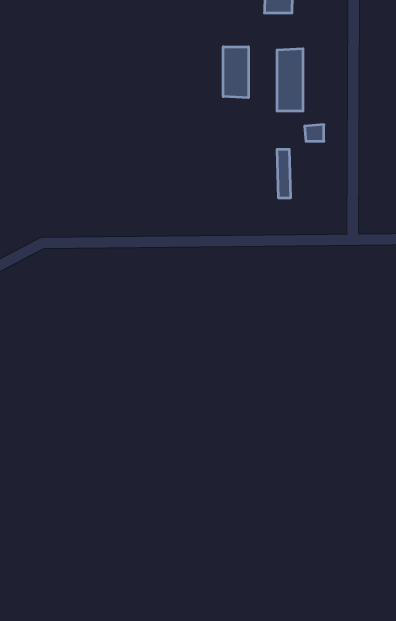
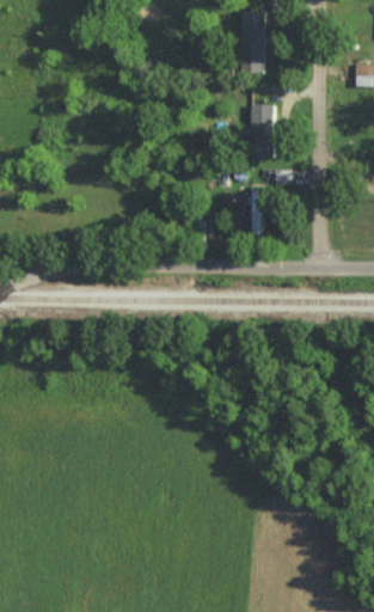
building: [223,47,248,98] -> none

